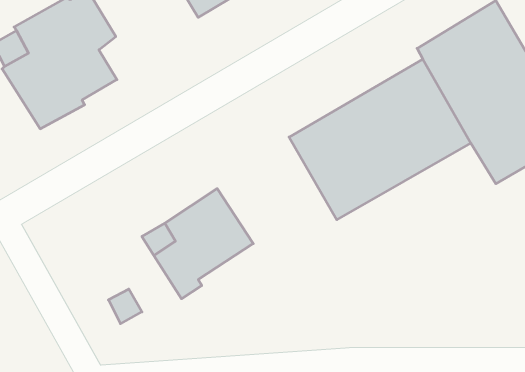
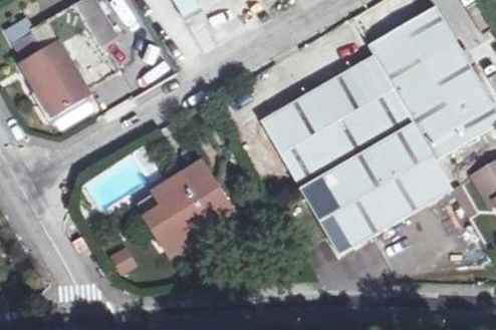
building: none -> [301,123,452,254]

